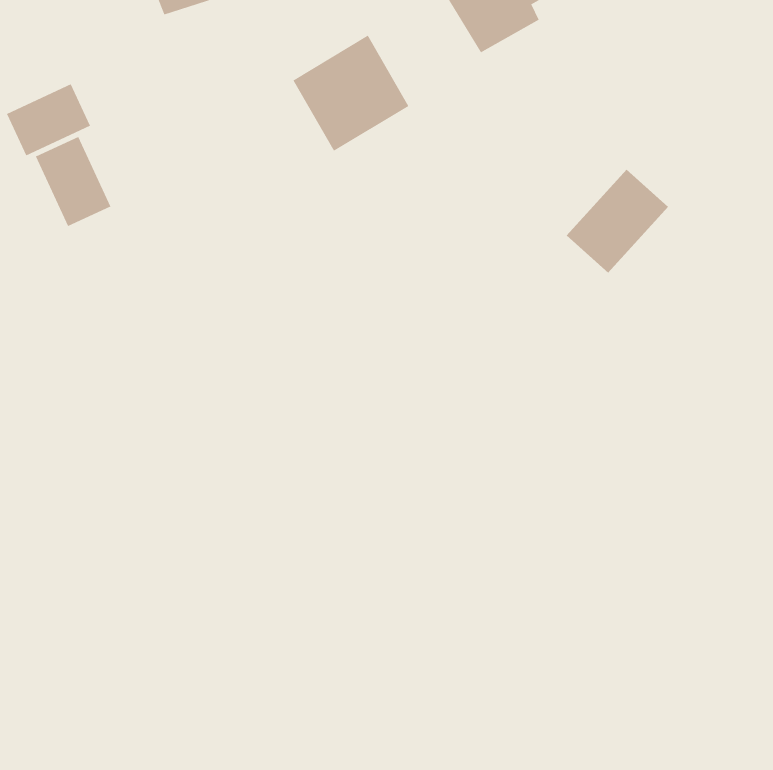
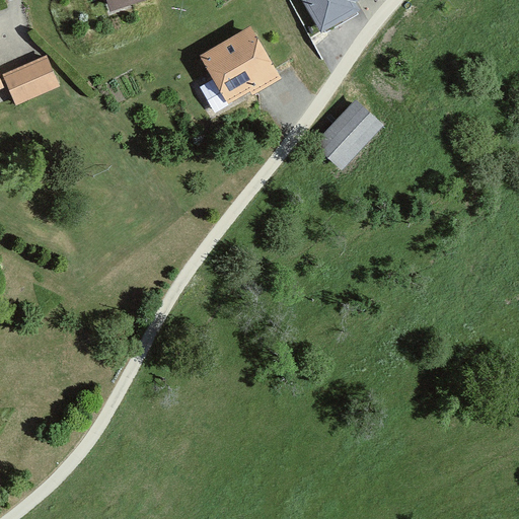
building: [35,136,111,227] -> none
building: [566,169,669,274] -> [314,98,383,168]

